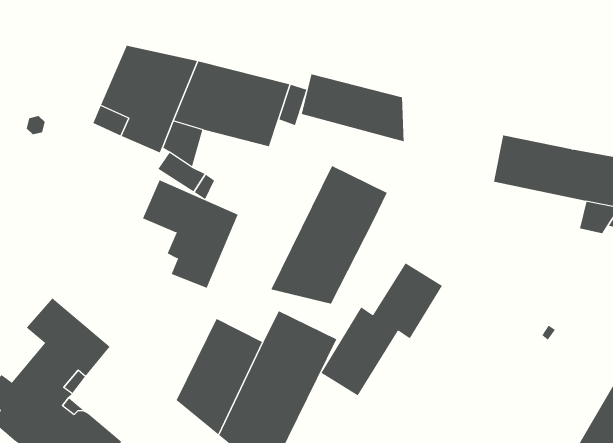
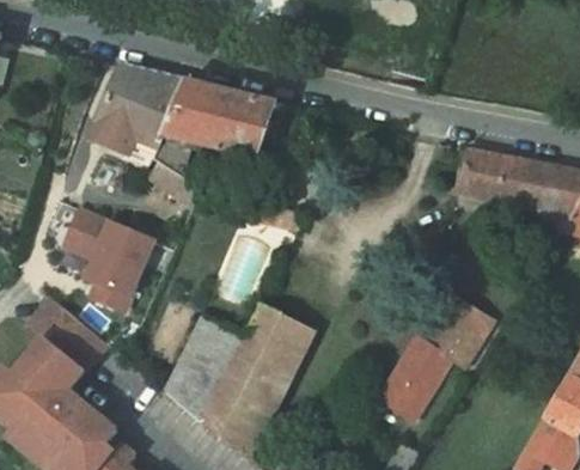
building: [301,74,404,142] -> none
building: [271,165,387,304] -> none
building: [142,179,238,289] -> [65,208,153,309]
building: [321,262,443,396] -> [379,297,492,420]

